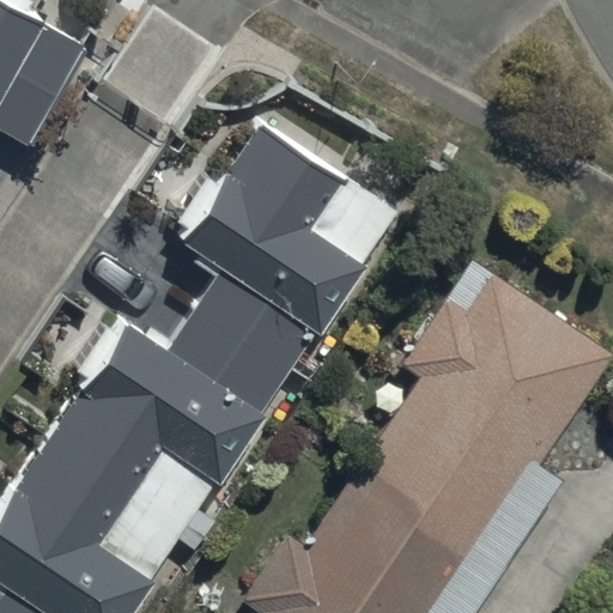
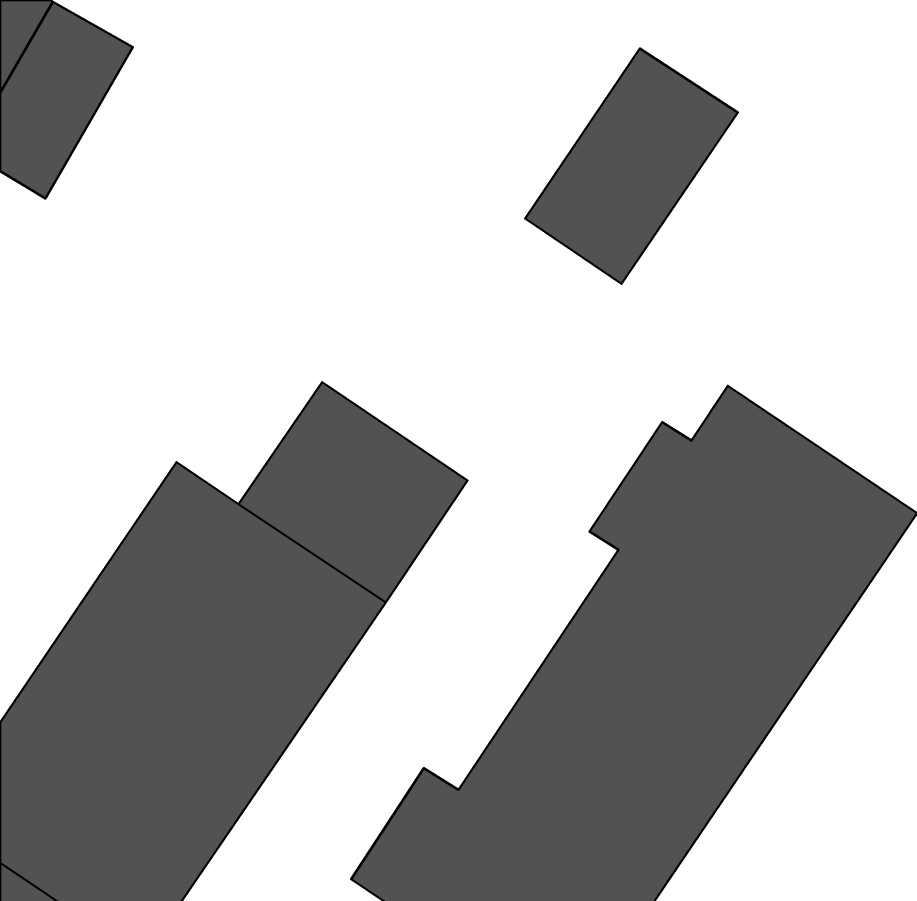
building: none -> [525,48,738,284]
building: [175,119,399,335] -> none

